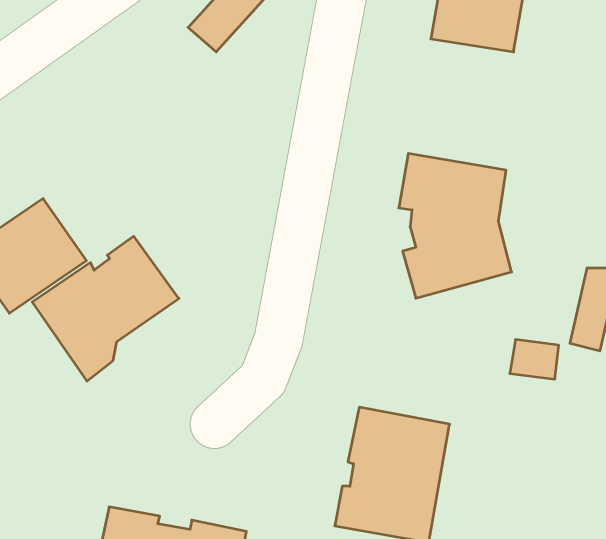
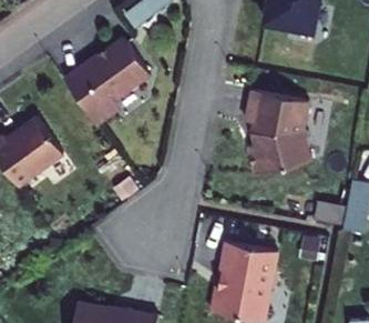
building: [32,236,179,381] -> [63,42,150,128]

